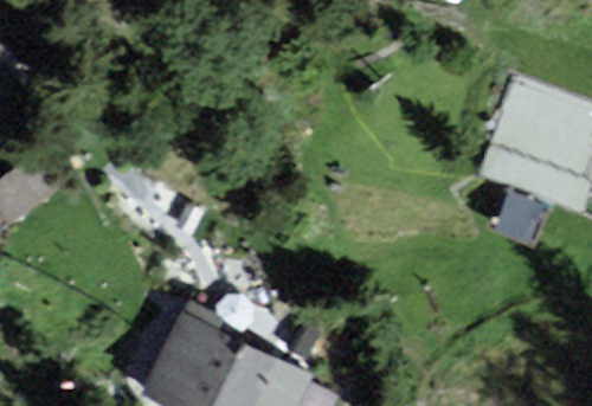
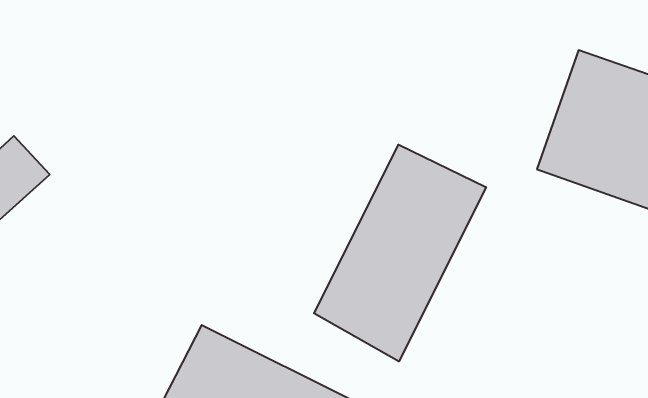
building: none -> [314,145,486,361]

